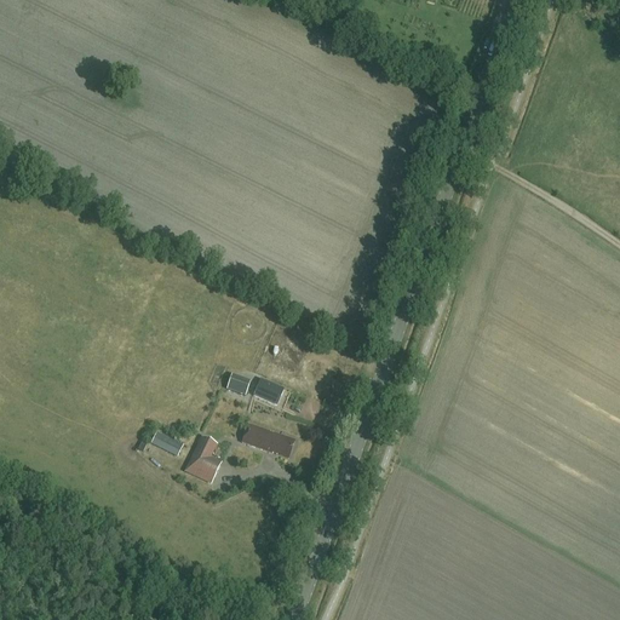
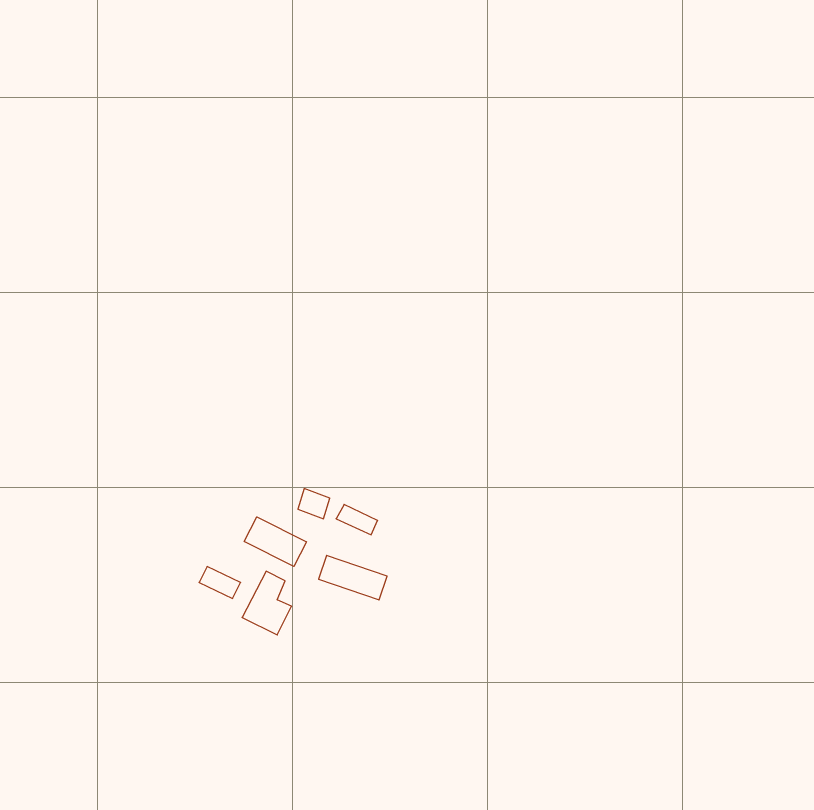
building: none -> [244,517,306,566]

